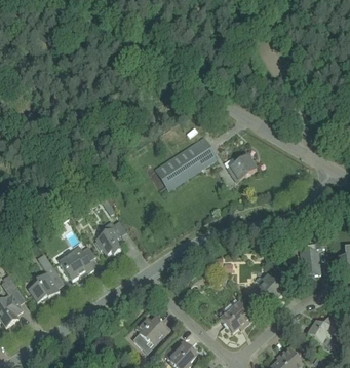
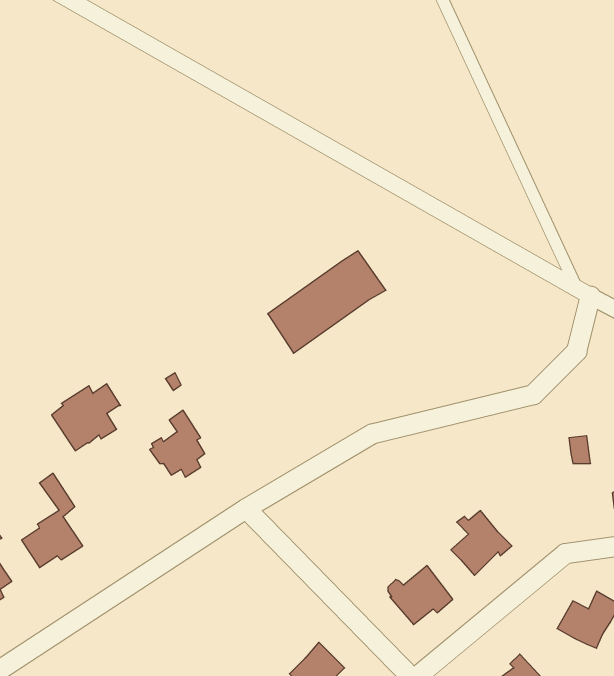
building: [225,154,256,181] -> none
building: [60,245,95,280] -> [52,384,121,451]
building: [300,251,320,274] -> none
building: [133,316,171,346] -> none

